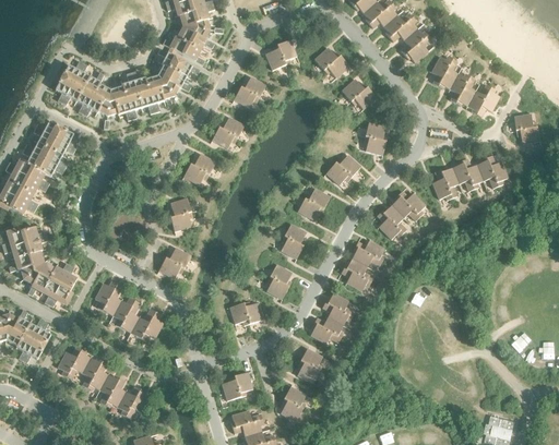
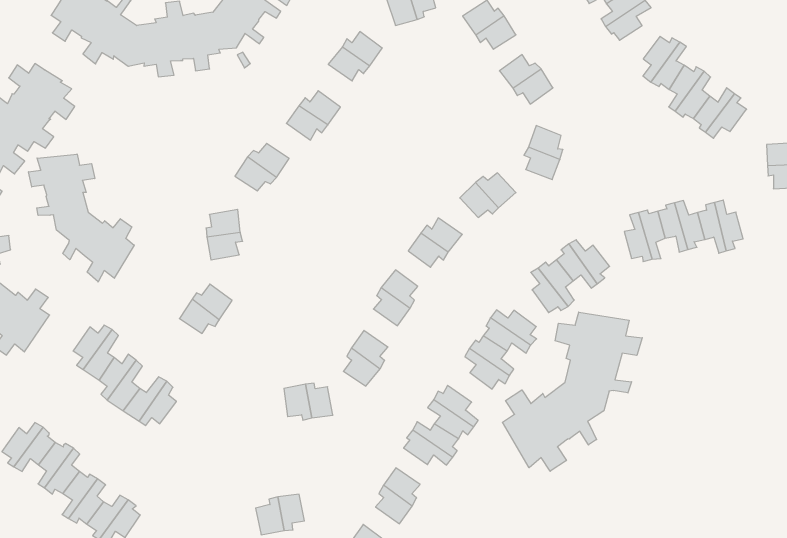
building: none -> [29,154,134,282]
building: none -> [502,312,642,471]

